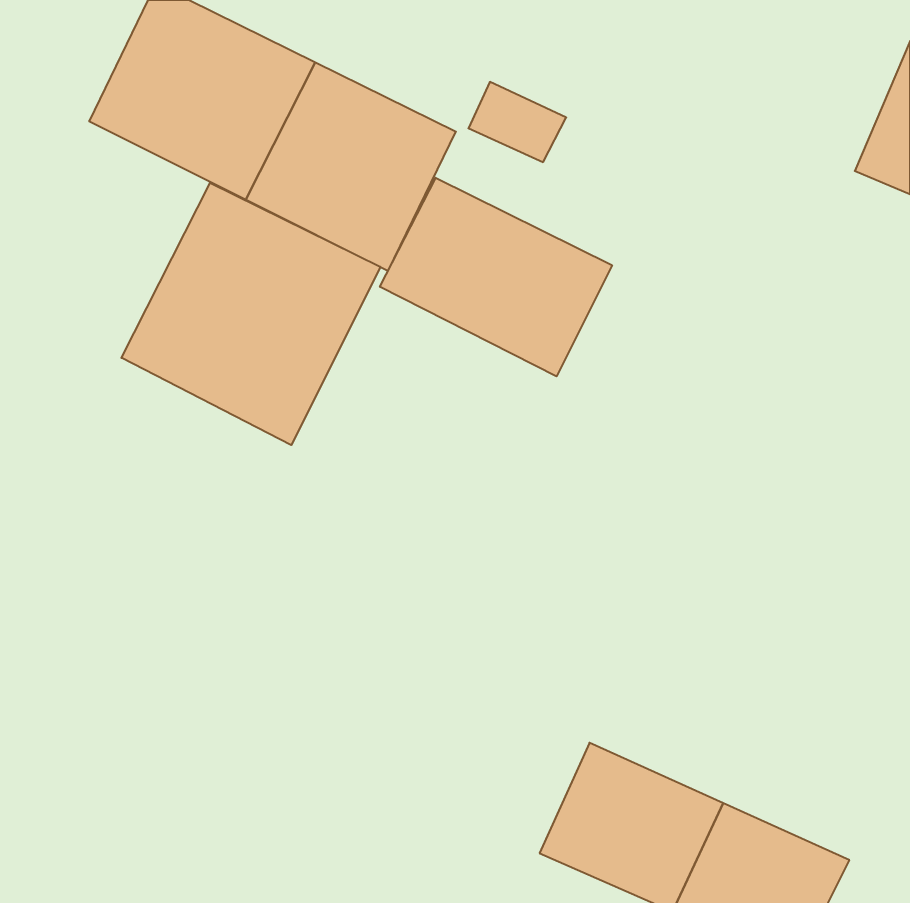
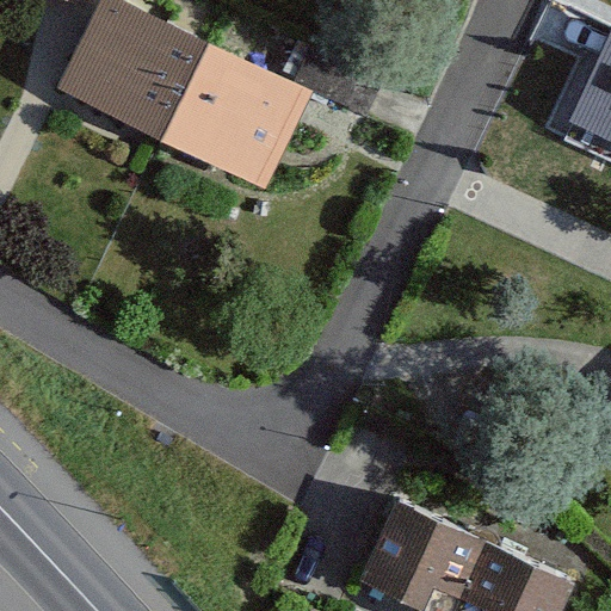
building: [380,178,612,376] -> none
building: [121,183,380,445] -> none

